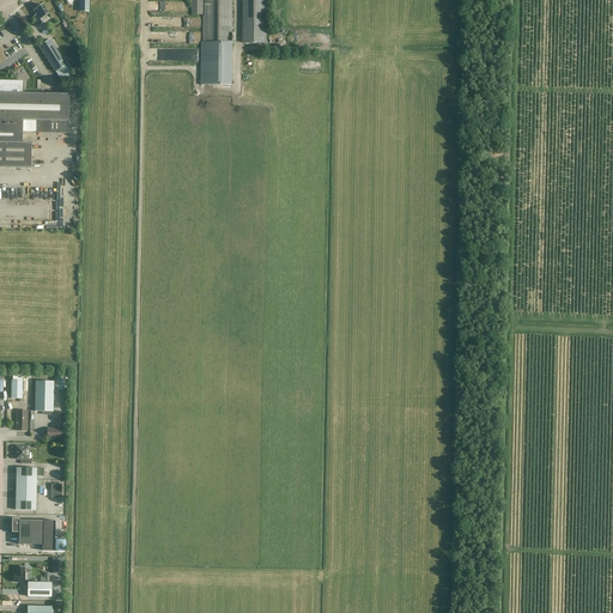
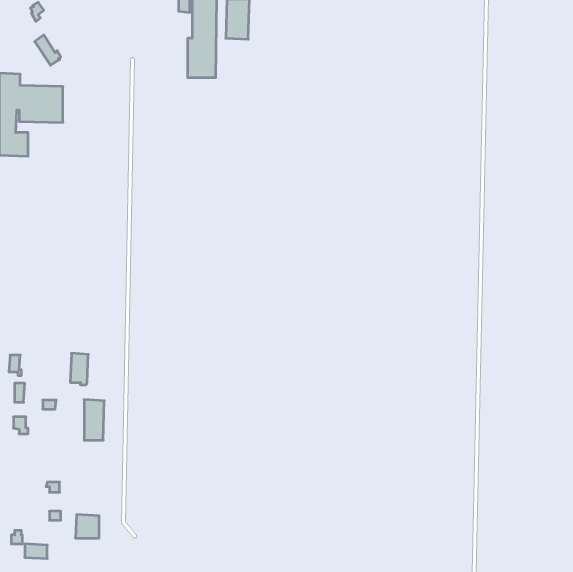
building: [34,378,53,412] -> [70,353,88,385]
building: [14,465,36,508] -> [84,400,104,440]
building: [17,517,42,542] -> [75,515,99,538]

